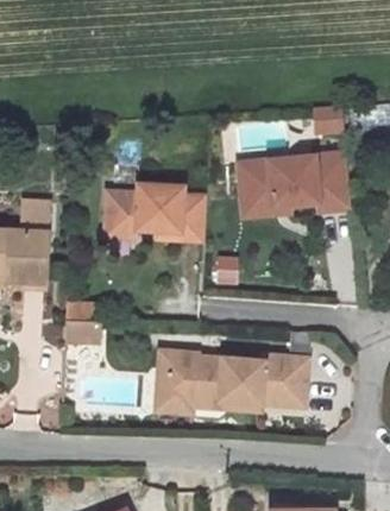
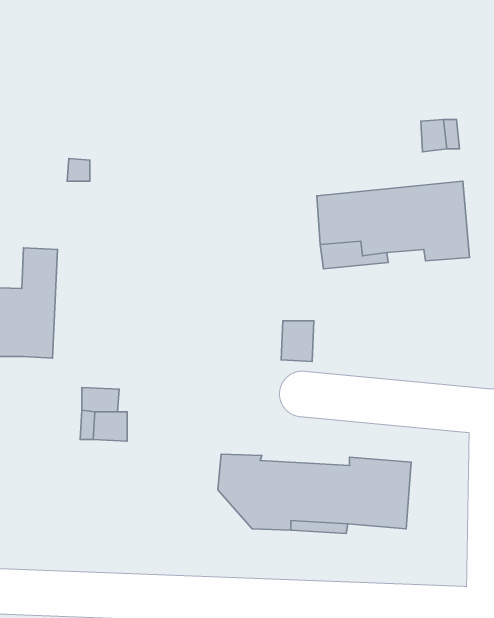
building: [103,183,206,240] -> none
building: [155,352,190,414] -> none

